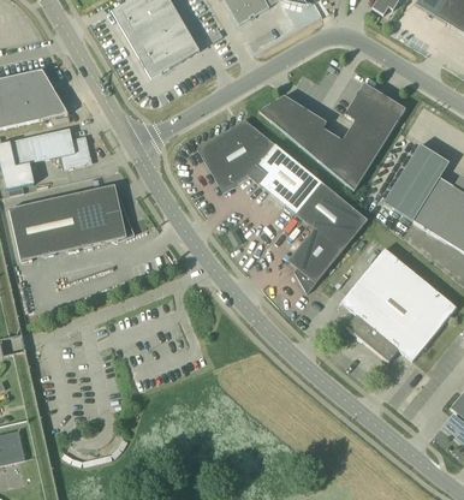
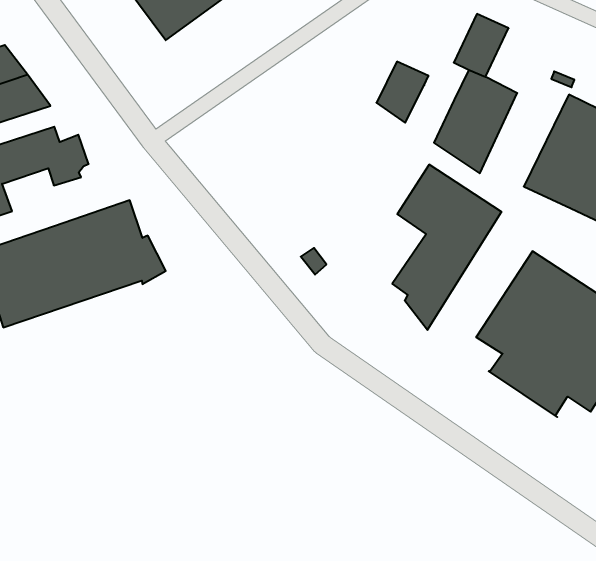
building: [258,94,307,135] -> none
building: [365,94,406,138] -> none
building: [197,118,321,212] -> none
building: [308,126,343,166] -> none

